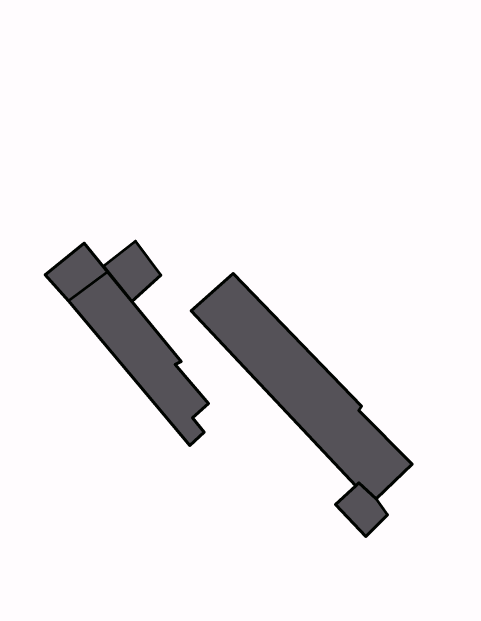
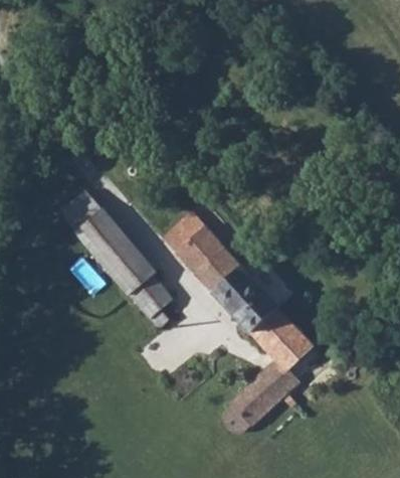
building: [103,241,161,301] -> none
building: none -> [227,372,282,428]

